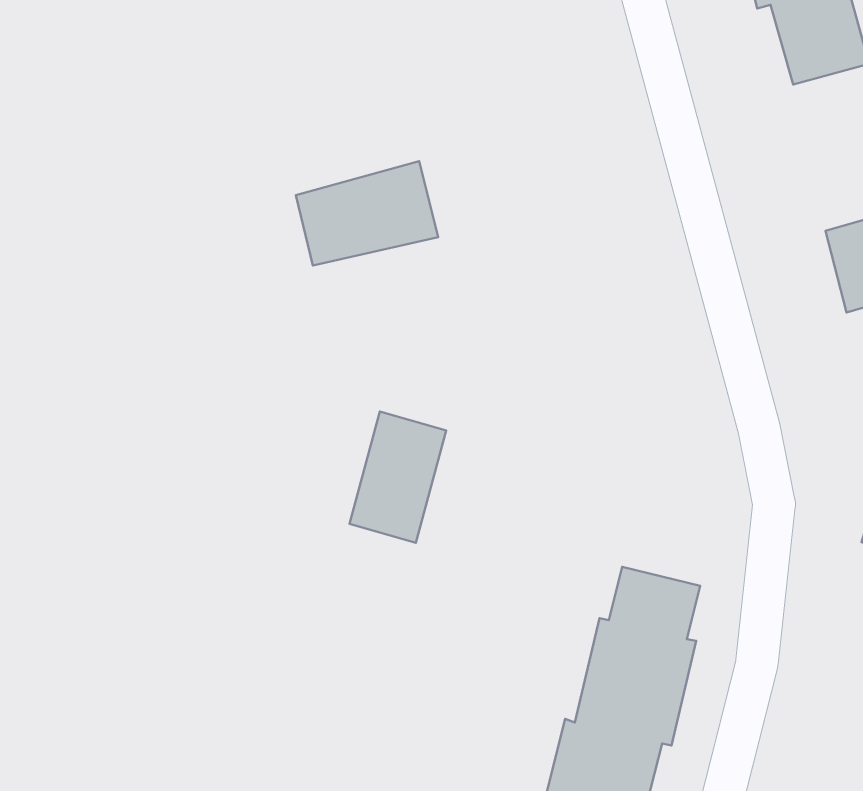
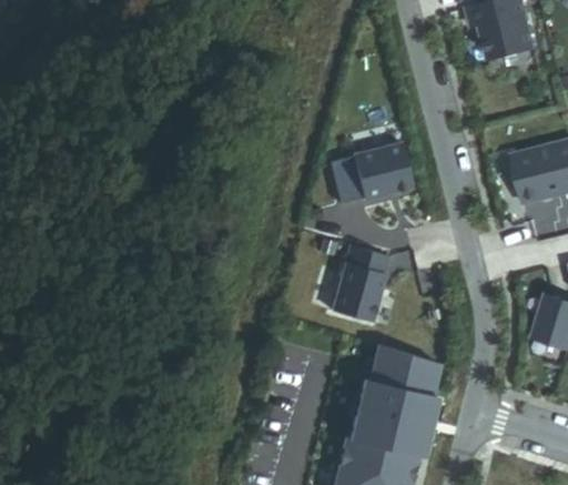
building: [296,161,438,266] -> [329,143,413,204]
building: [349,412,446,543] -> [332,245,388,322]

